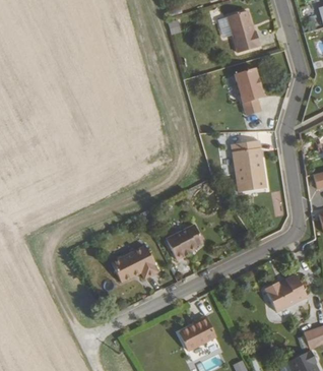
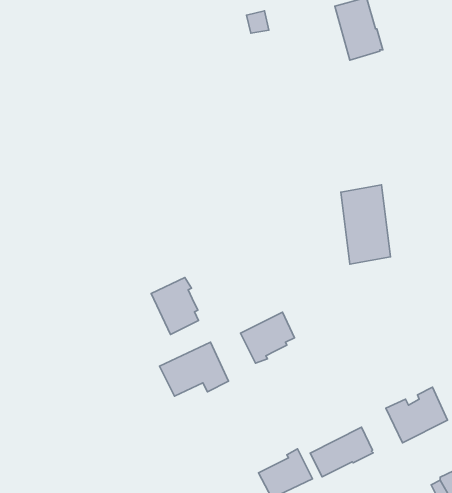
building: [235,67,263,114] -> none
building: none -> [151,278,199,335]
building: none -> [310,427,373,477]

